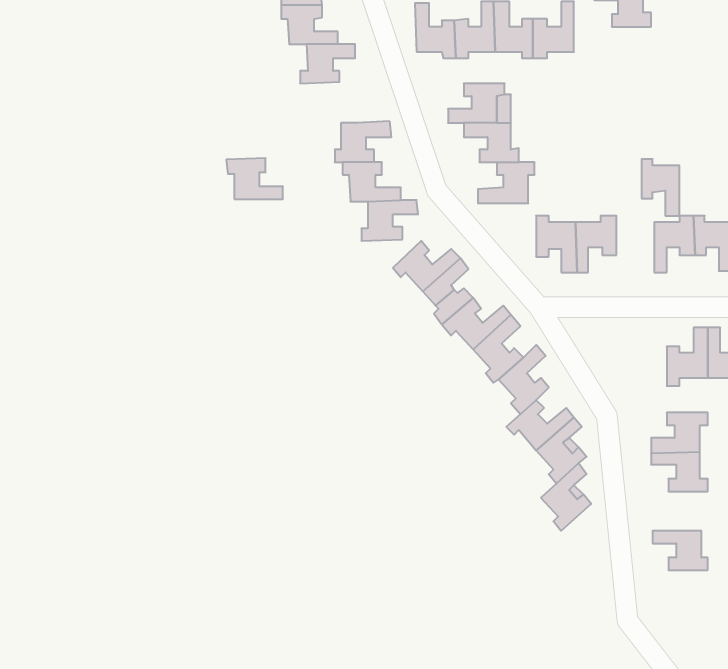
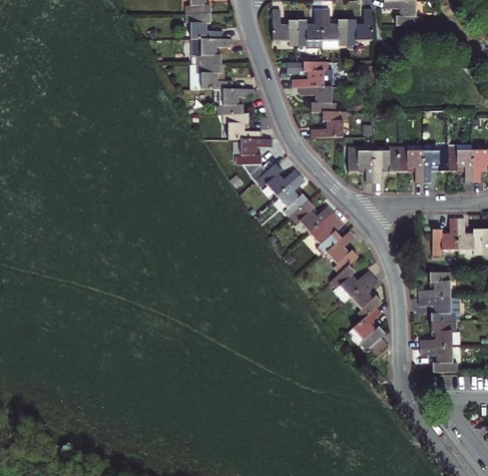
building: [226,158,283,199] -> [197,61,233,87]
building: [642,159,679,216] -> [399,146,423,182]
building: none -> [422,322,457,347]

